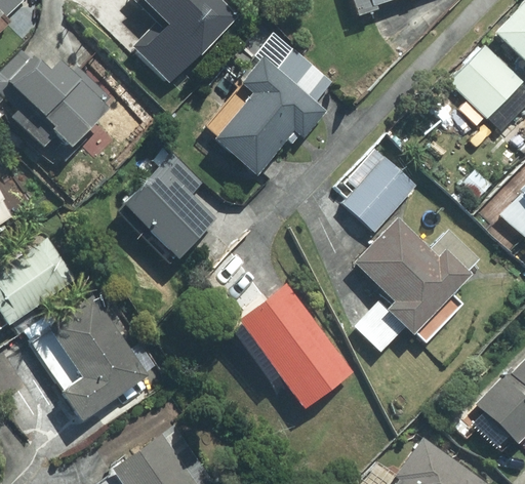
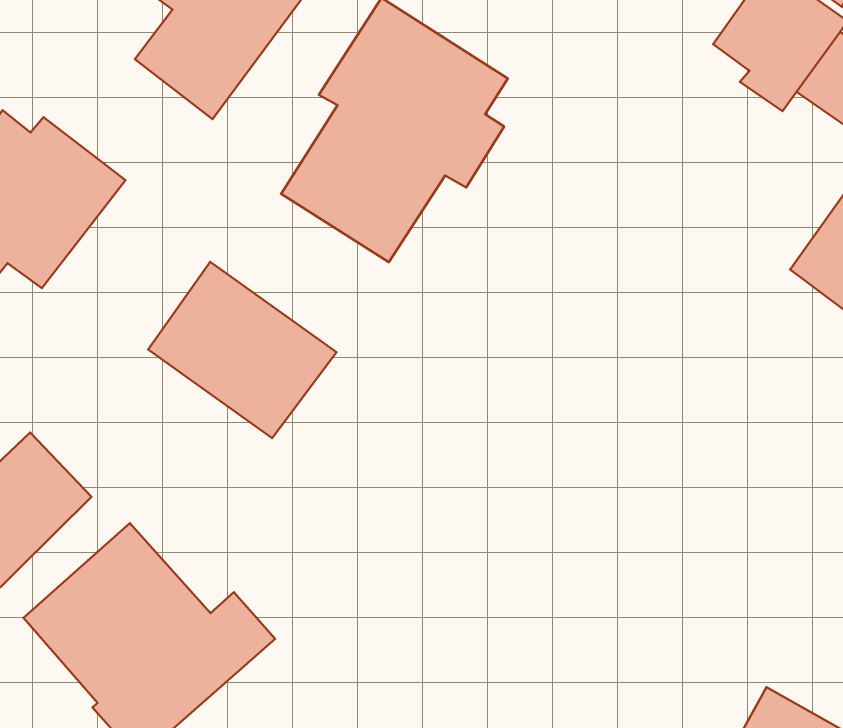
building: [344,156,419,234] -> none
building: [353,218,481,357] -> none
building: [234,280,353,406] -> none

